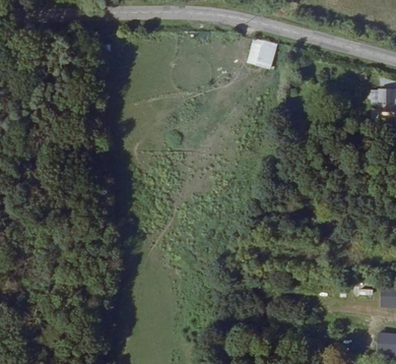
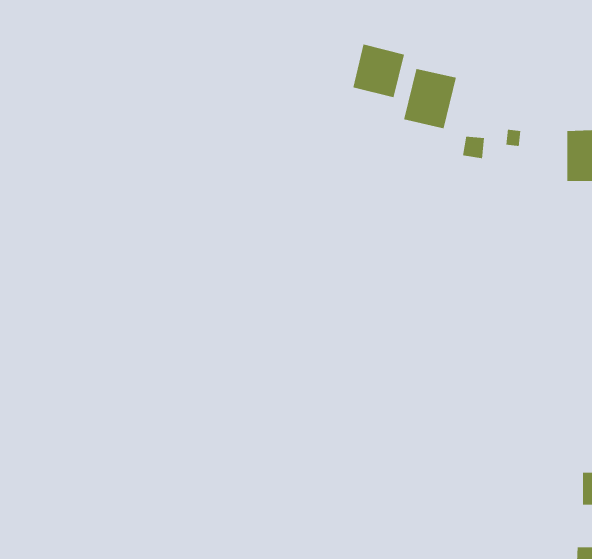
building: none -> [404,68,456,129]

